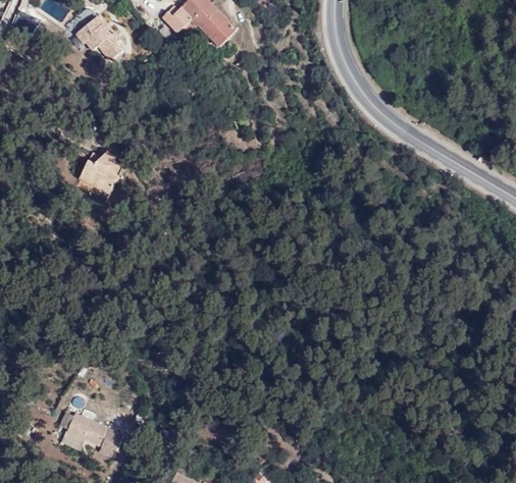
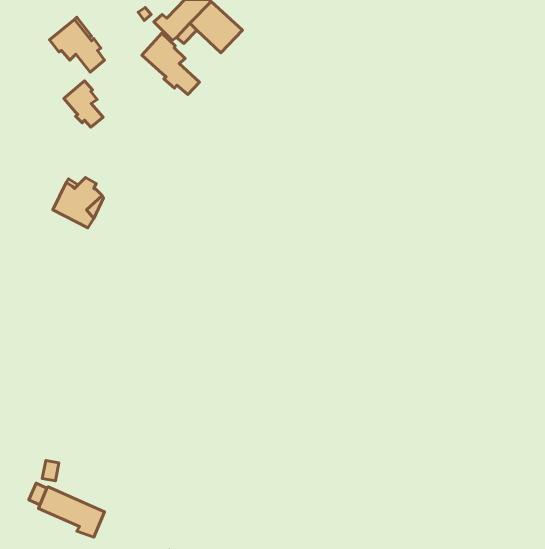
building: none -> [142,33,199,95]
building: none -> [64,81,103,127]

